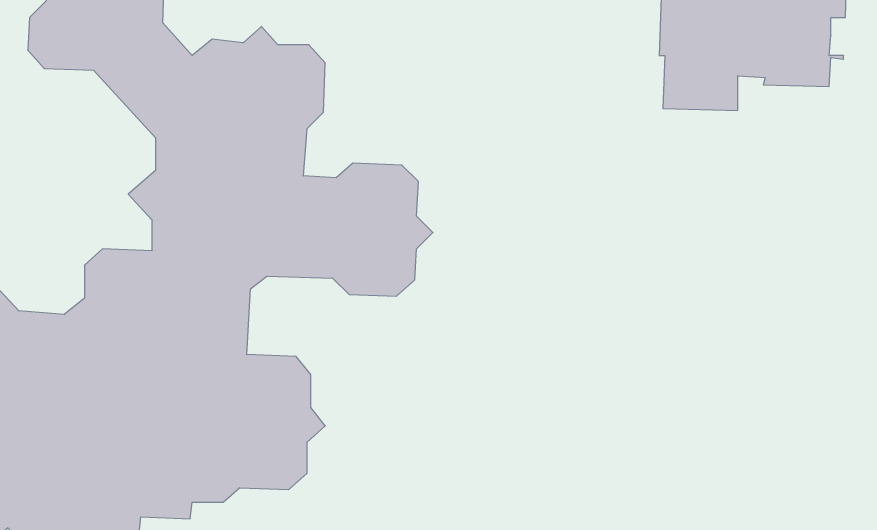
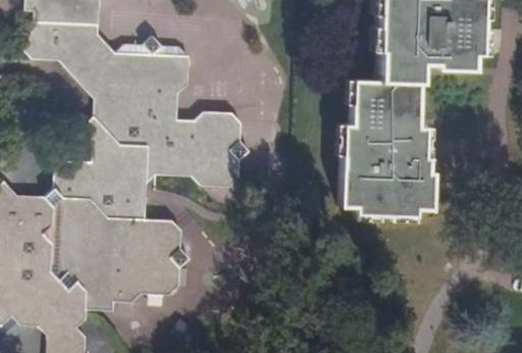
building: none -> [341,81,432,215]

